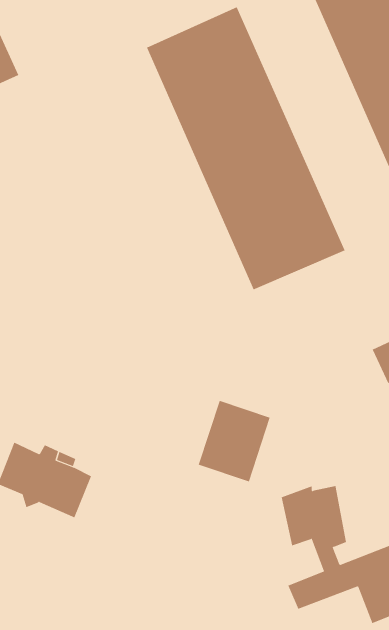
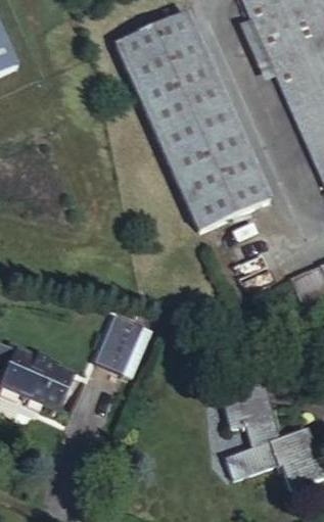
building: [198,400,271,482] -> [95,314,151,377]

